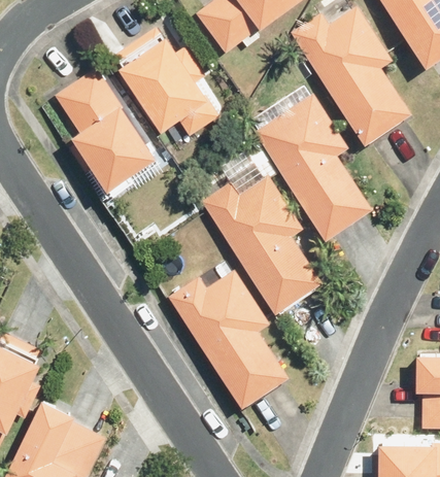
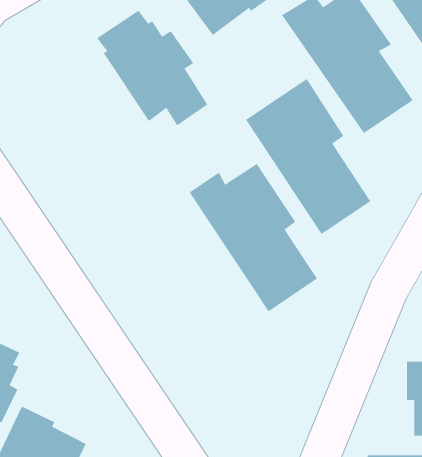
building: [52,67,157,192] -> none
building: [167,269,290,408] -> none

